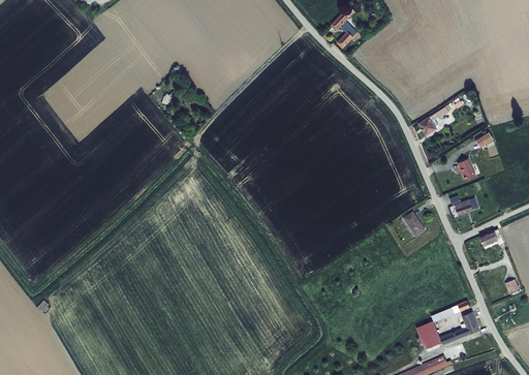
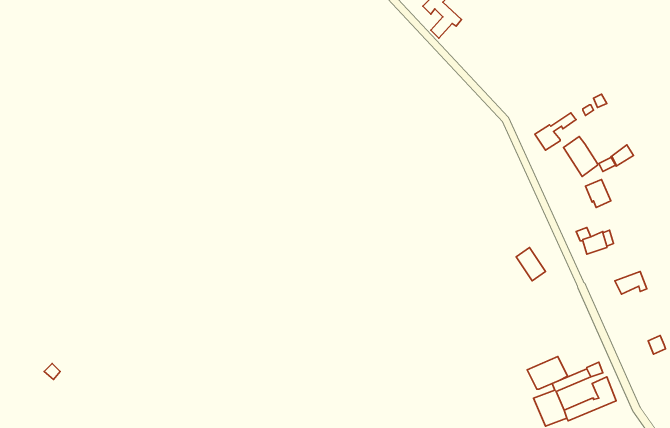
building: none -> [564,136,598,177]
building: none -> [527,356,568,389]

